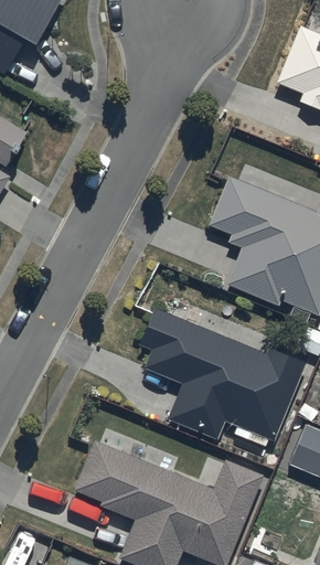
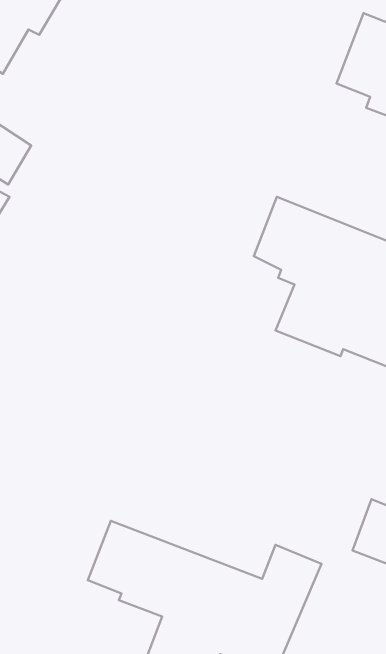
building: [139,307,306,439] -> none

